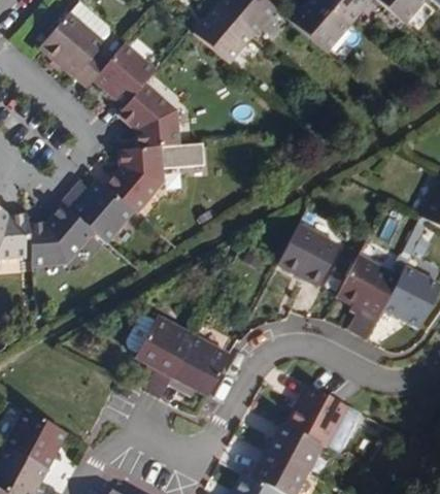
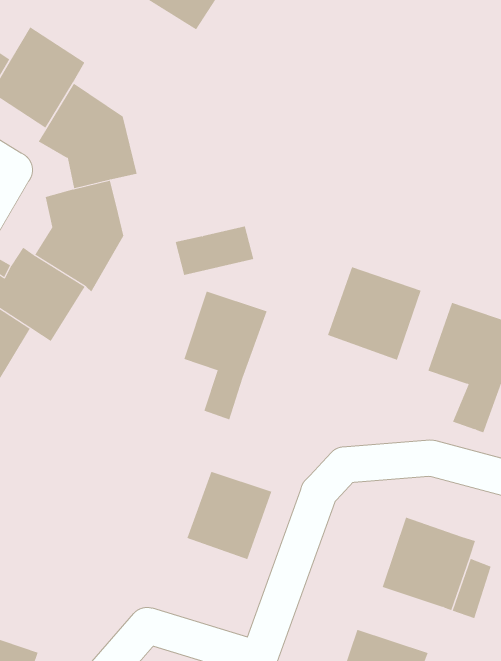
building: [159,143,206,168] -> [175,226,254,275]
building: [136,319,193,401] -> [184,291,267,420]
building: [268,423,324,471] -> none

